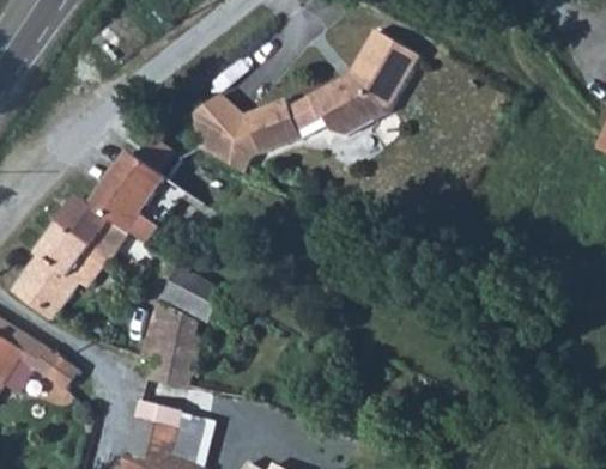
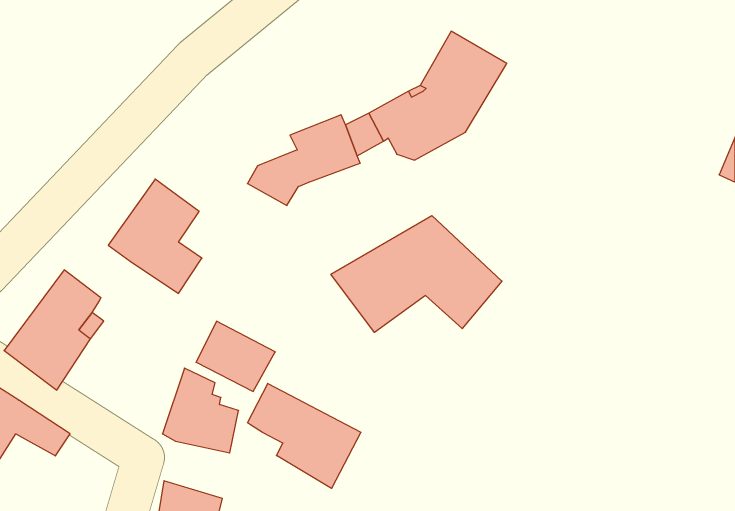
building: [189,89,248,153] -> none
building: none -> [331,216,502,332]
building: [57,194,111,257] -> none
building: none -> [248,383,361,488]

